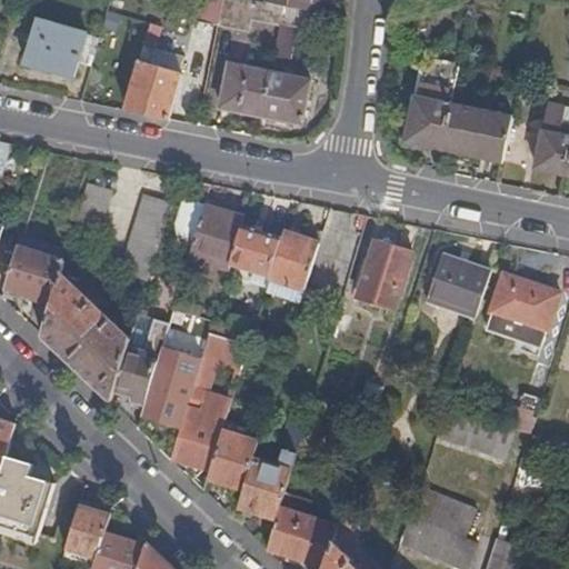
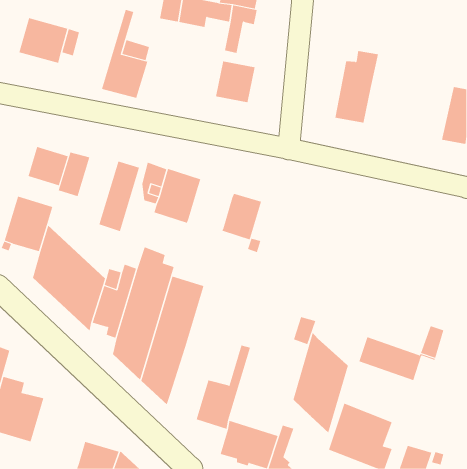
building: [219,64,269,117] -> none
building: [440,106,511,162] -> none
building: none -> [28,146,68,186]
building: [229,227,280,277] -> none
building: [357,240,410,308] -> none
building: [425,253,490,318] -> none
building: [481,274,557,350] -> none
building: none -> [293,332,348,433]
building: [207,420,260,488] -> none
building: [63,503,110,560] -> none

